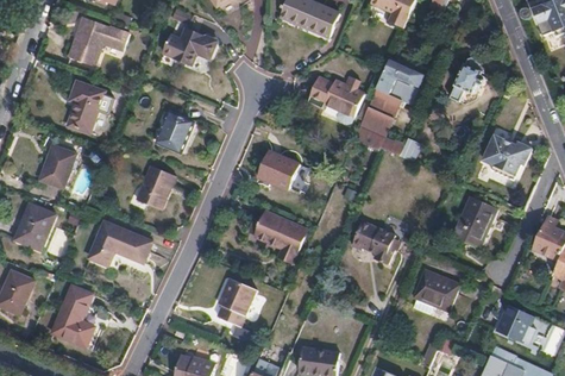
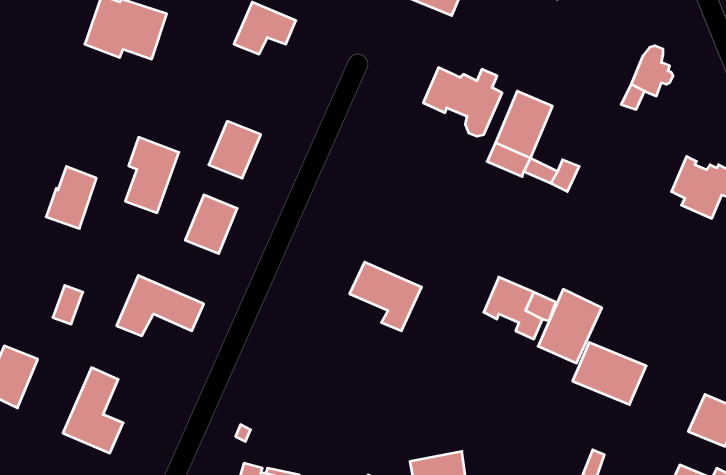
building: [376,62,422,104] -> none
building: [65,80,103,133] -> [125,137,179,213]
building: [258,149,305,192] -> none
building: [452,195,497,247] -> [538,289,602,363]
building: [18,202,57,250] -> none
building: [218,276,258,325] -> none

